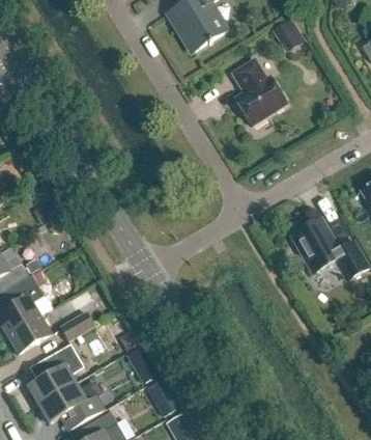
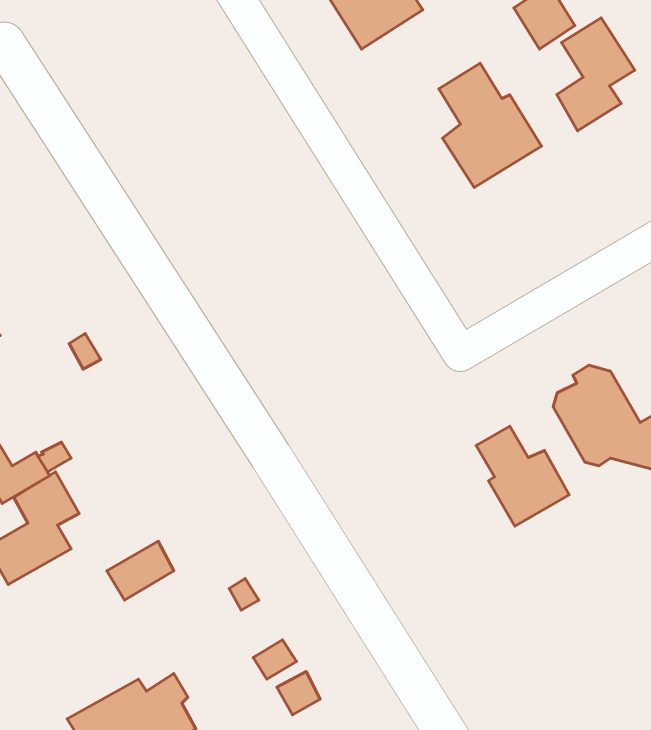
building: none -> [557,18,635,131]
building: none -> [476,426,569,526]
building: [6,313,51,353] -> none
building: [27,342,83,403] -> none

